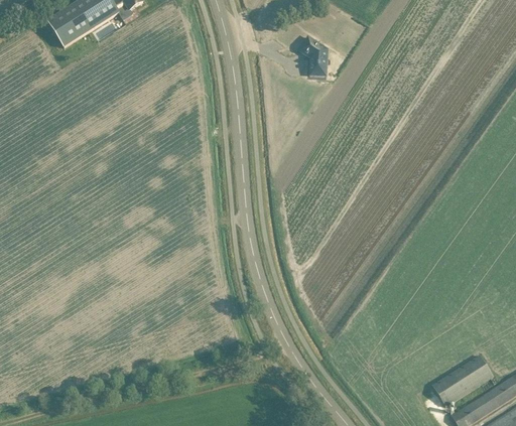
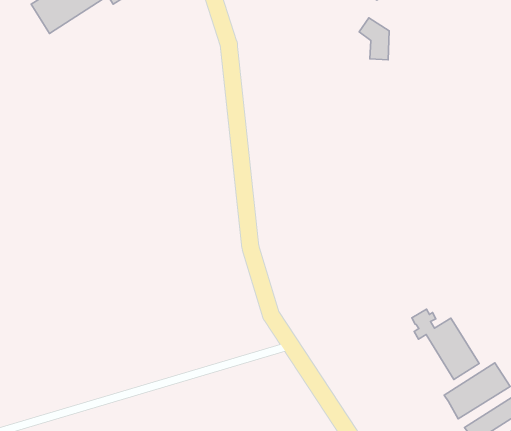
building: [299,36,328,76] -> [359,18,389,60]
building: none -> [412,309,479,379]

